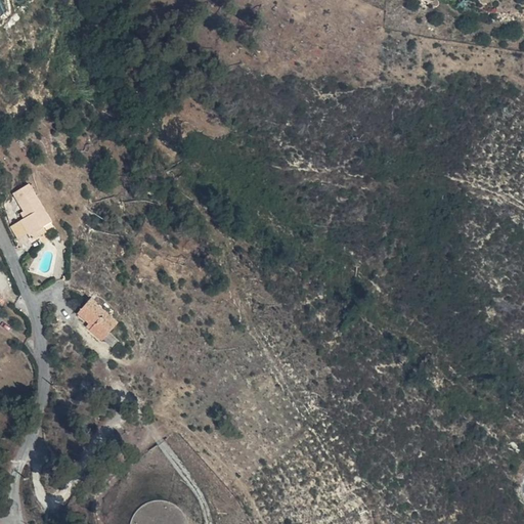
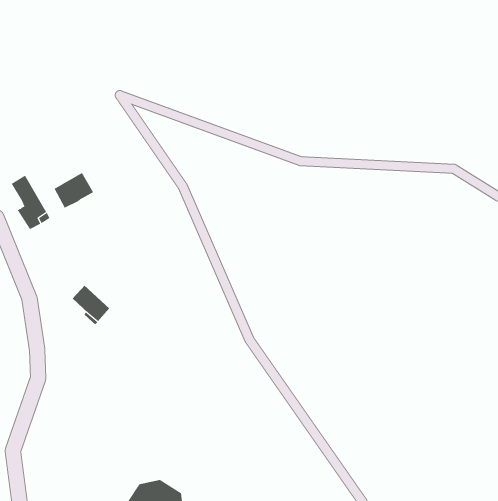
building: none -> [54,172,94,209]

